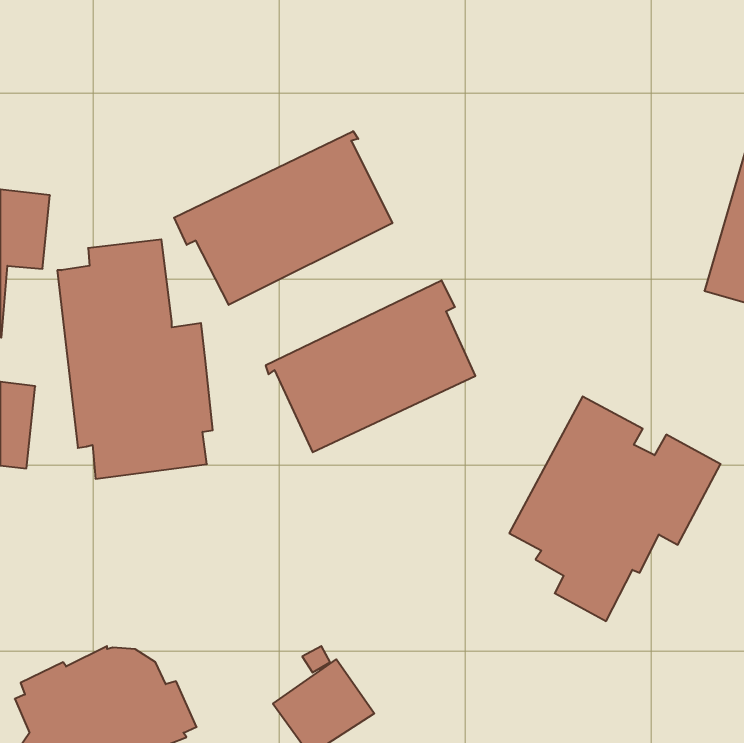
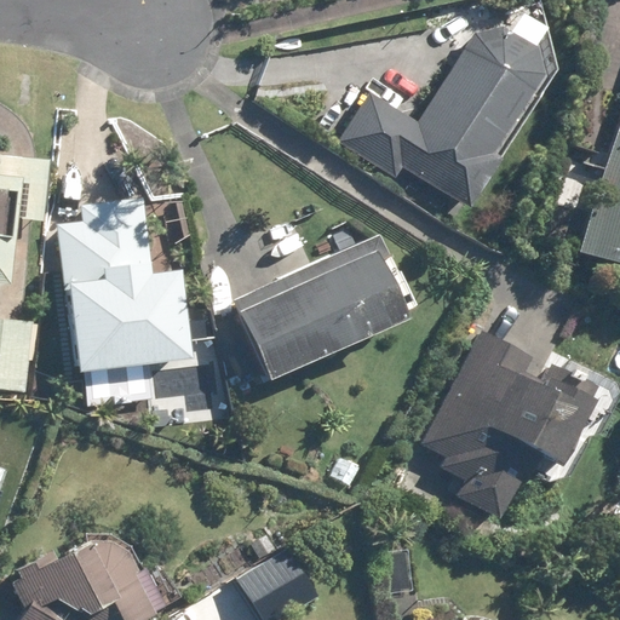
building: none -> [340,24,547,208]
building: [174,131,392,305] -> none

